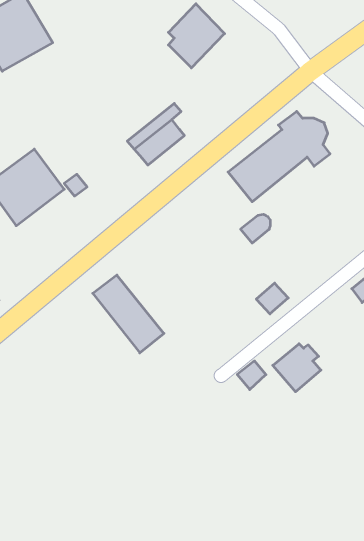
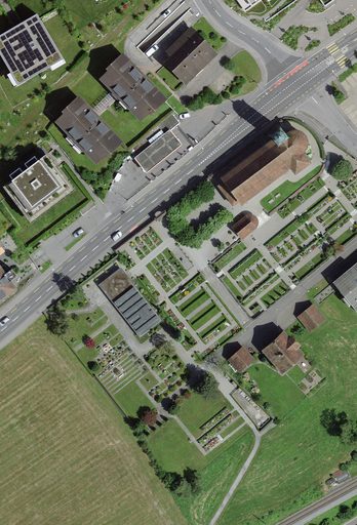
building: none -> [100,52,165,118]
building: none -> [55,96,122,161]
building: [256,283,288,314] -> [296,305,325,332]

